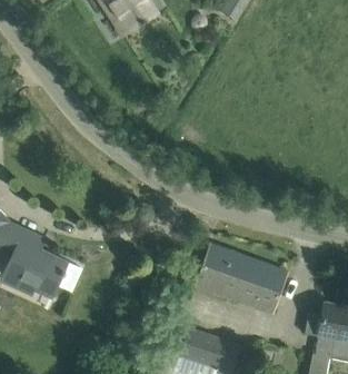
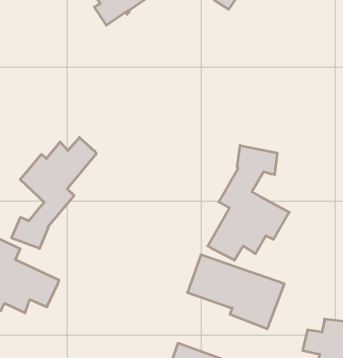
building: none -> [12,137,96,249]
building: none -> [208,145,289,260]

